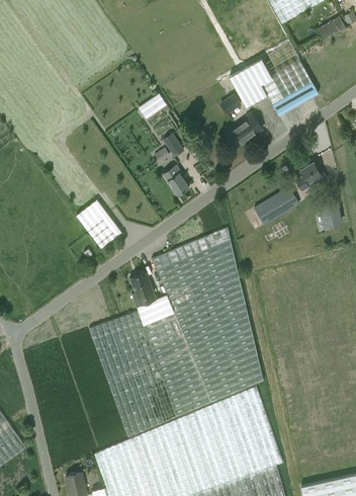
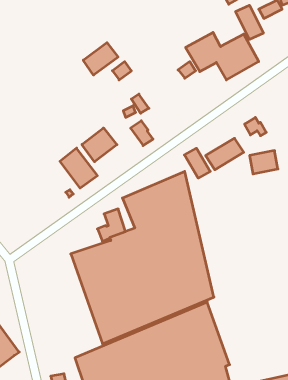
building: none -> [236,5,263,39]
building: none -> [83,43,118,75]
building: [225,115,262,150] -> none
building: none -> [82,128,117,162]
building: none -> [184,148,210,178]

